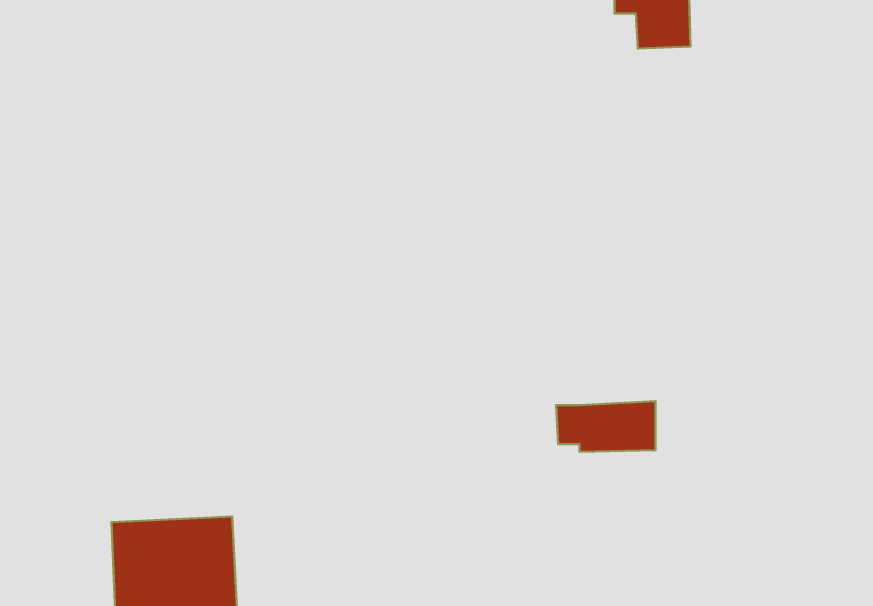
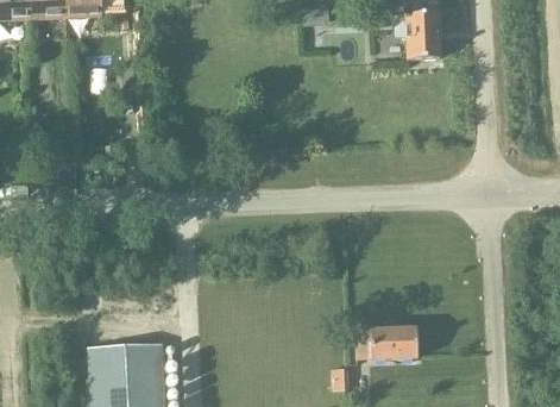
building: [556,401,656,452] -> [358,328,419,359]

